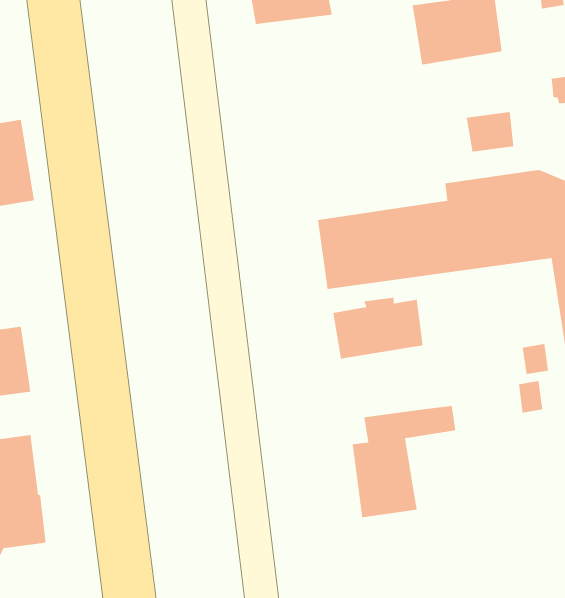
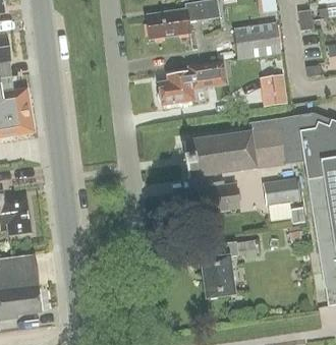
building: none -> [158,59,229,104]
building: none -> [264,177,300,205]

